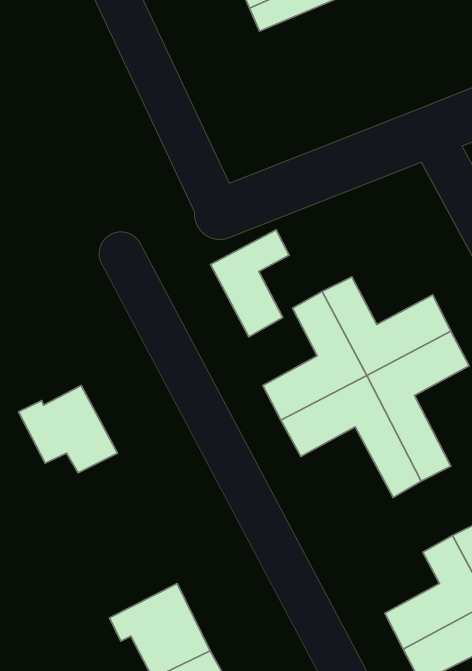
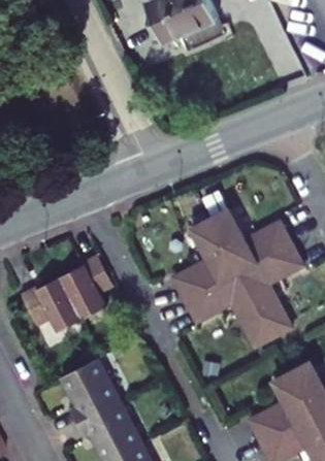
building: [211,230,289,337] -> none
building: none -> [60,254,113,320]
building: none -> [62,359,120,423]

